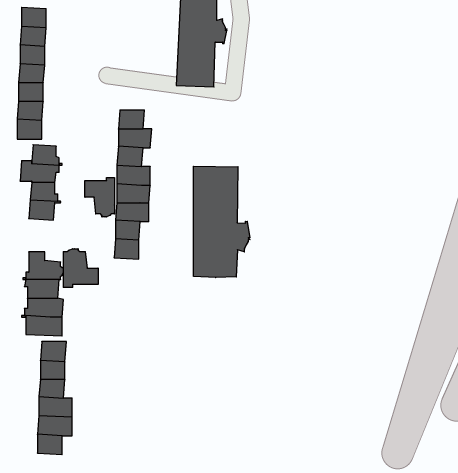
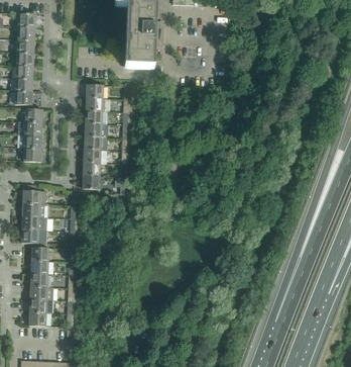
building: [194,166,250,278] -> none
building: [85,178,114,217] -> none
building: [63,249,98,287] -> none

